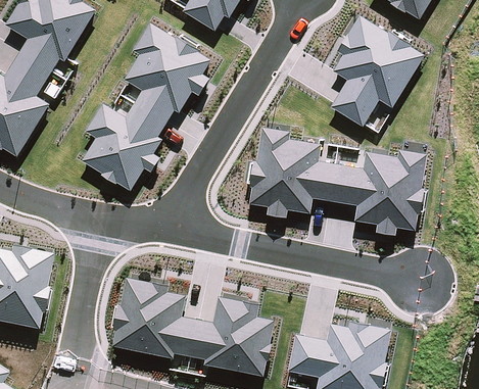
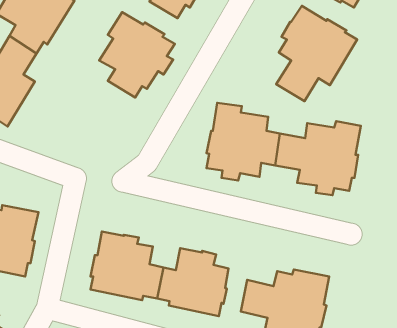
building: [82,102,165,190] -> none

